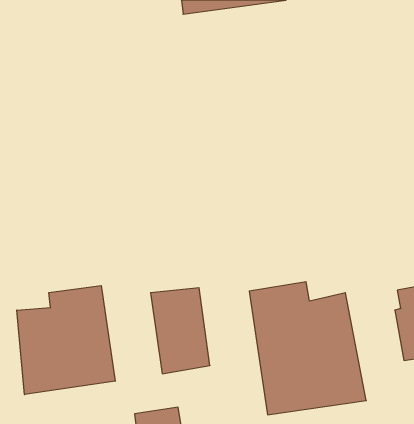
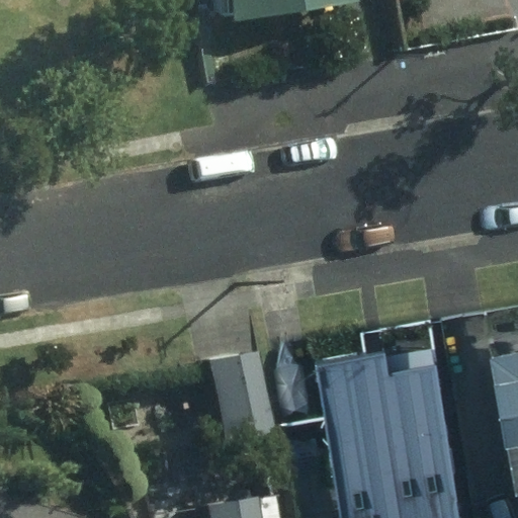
building: [17,286,115,395] -> none

